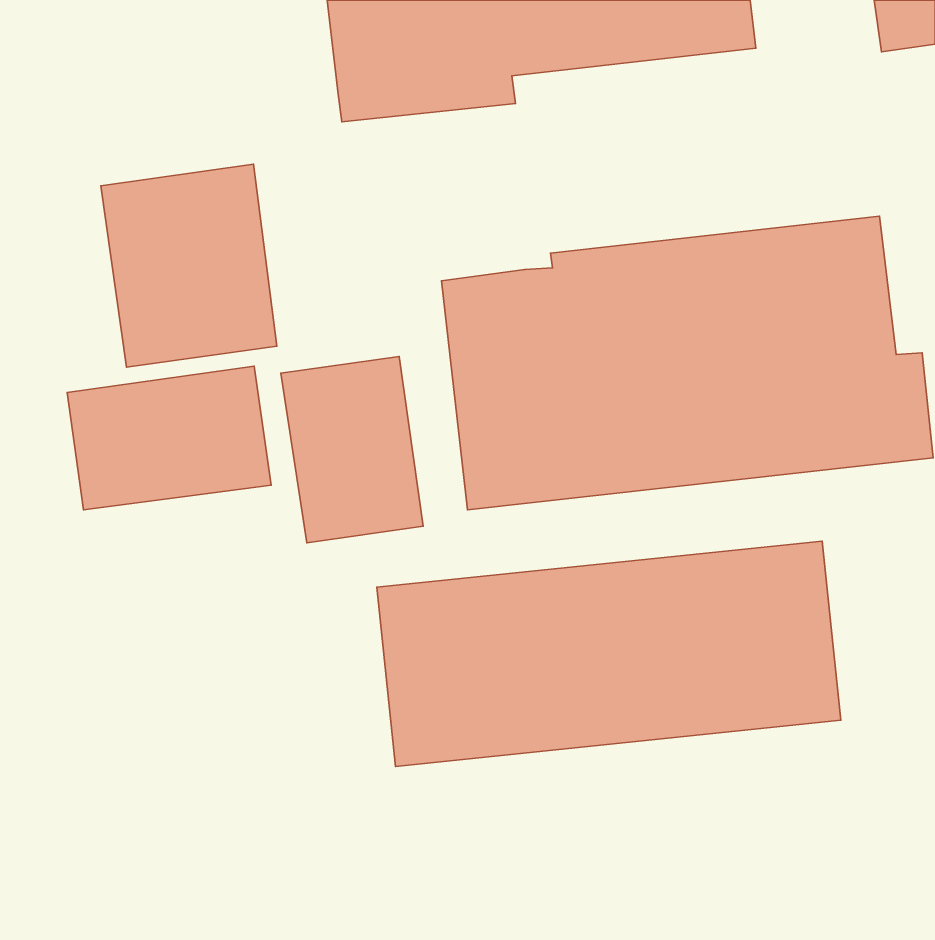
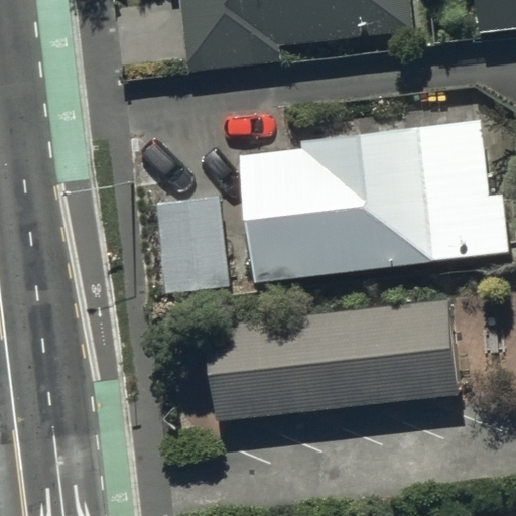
building: [101,164,277,367] -> none
building: [67,366,271,510] -> none

